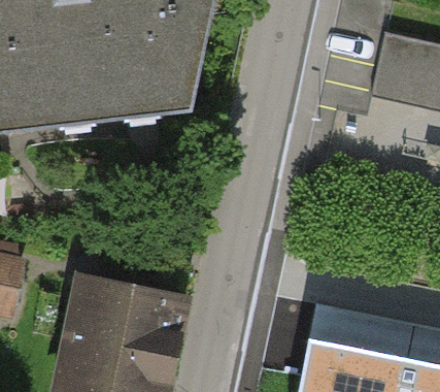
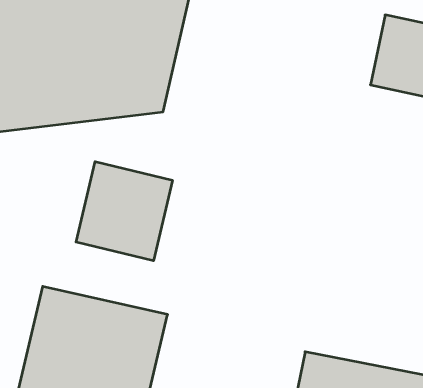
building: none -> [76,162,172,261]

